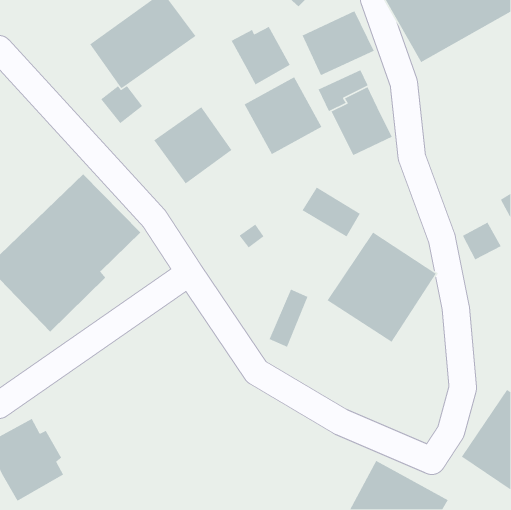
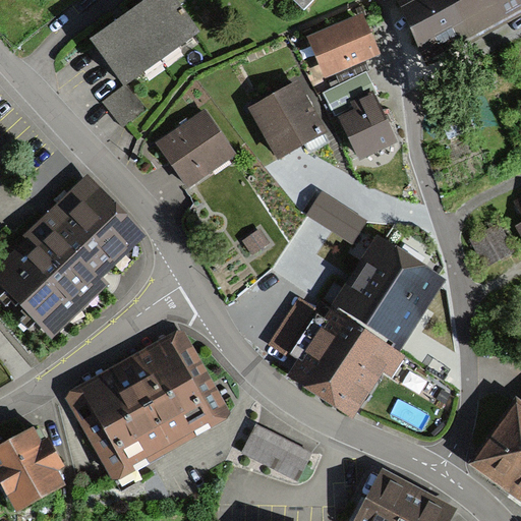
building: [231,26,291,85] -> none
building: none -> [288,305,405,416]
building: none -> [66,329,229,477]
building: none -> [241,423,309,479]

